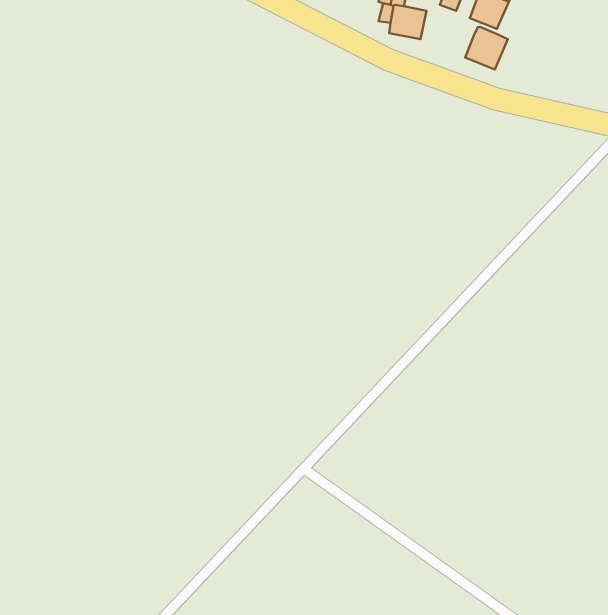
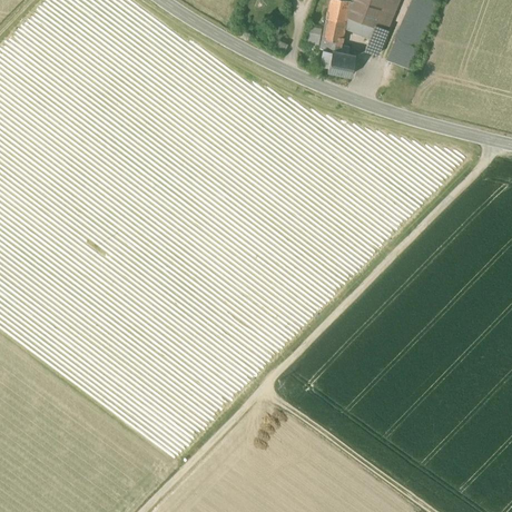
building: [465,27,508,69] -> none

